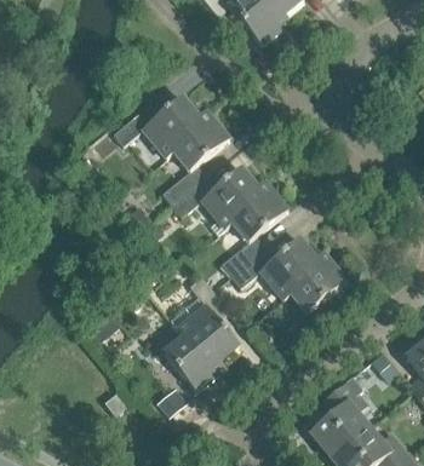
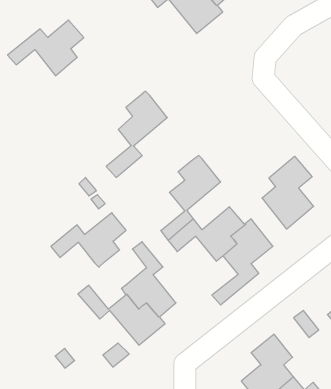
building: [111,96,196,157] -> [8,20,84,76]
building: [171,167,254,228] -> [51,213,126,267]
building: none -> [262,156,314,229]

